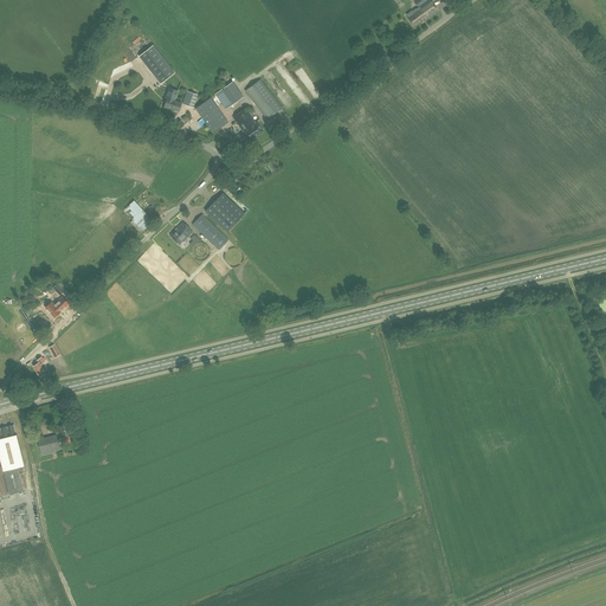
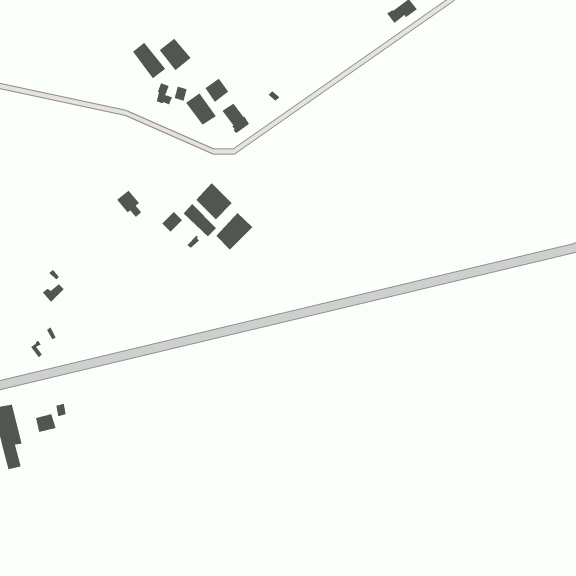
building: none -> [159,38,192,71]
building: [244,78,282,118] -> none
building: none -> [216,212,253,251]

